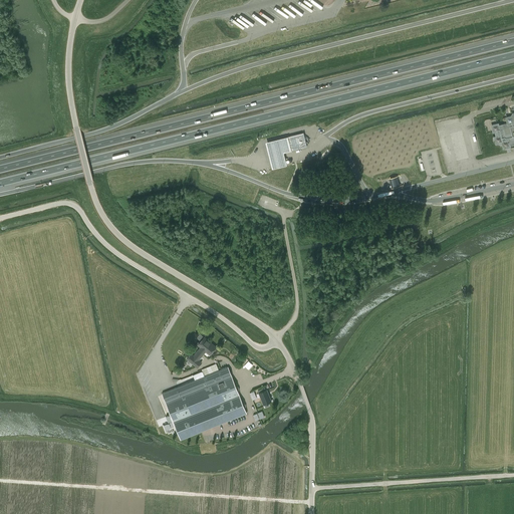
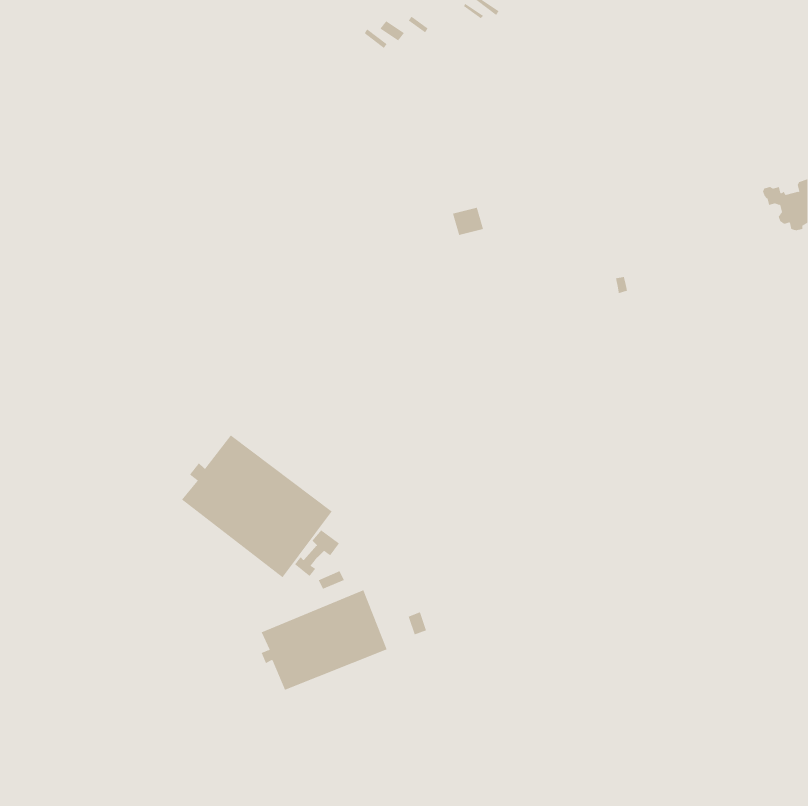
building: [265,136,291,168] -> none
building: none -> [181,435,333,578]

